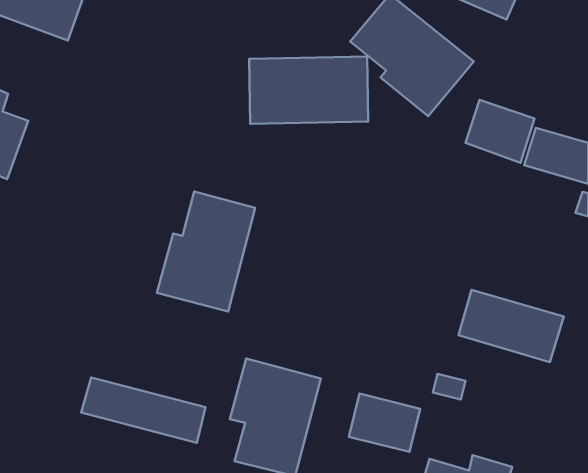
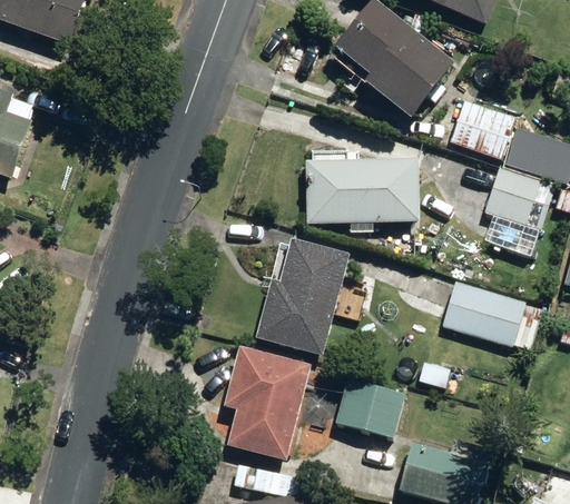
building: [249,56,368,124] -> [305,159,419,224]
building: none -> [483,168,553,230]
building: [157,191,255,311] -> [255,239,348,354]
building: [81,377,205,443] -> none

